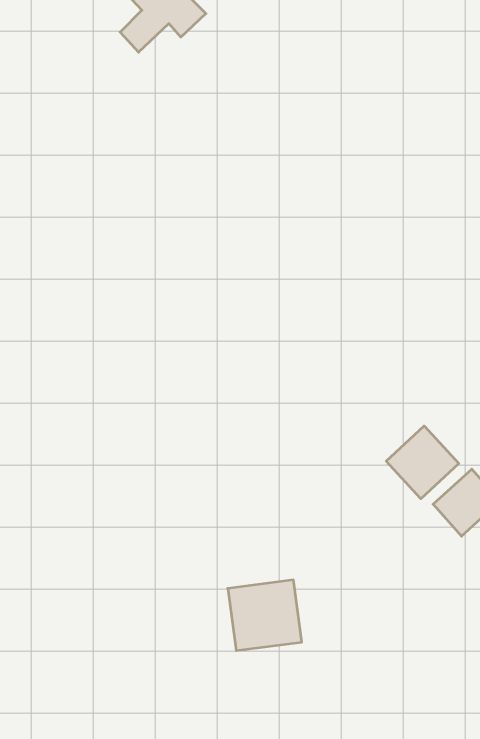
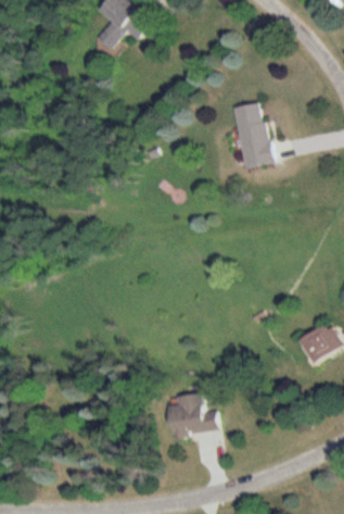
building: none -> [234,103,271,168]
building: [386,426,459,499] -> none

